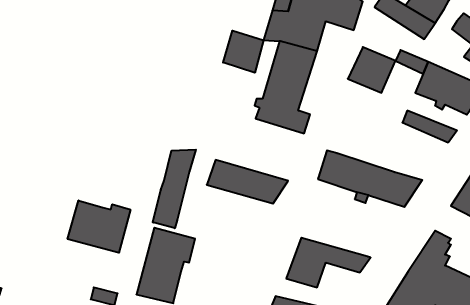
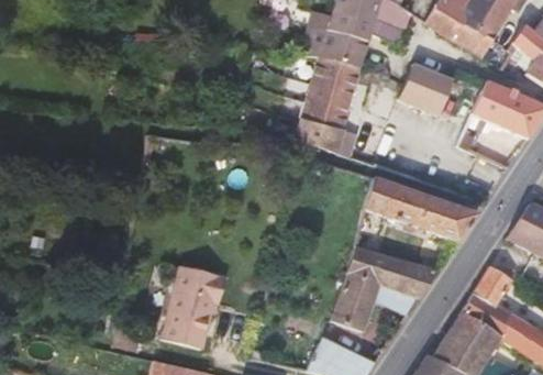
building: [223,31,263,73] -> none
building: [153,150,196,228] -> none
building: [207,160,288,204] -> [345,247,435,296]
building: [68,200,130,253] -> none

